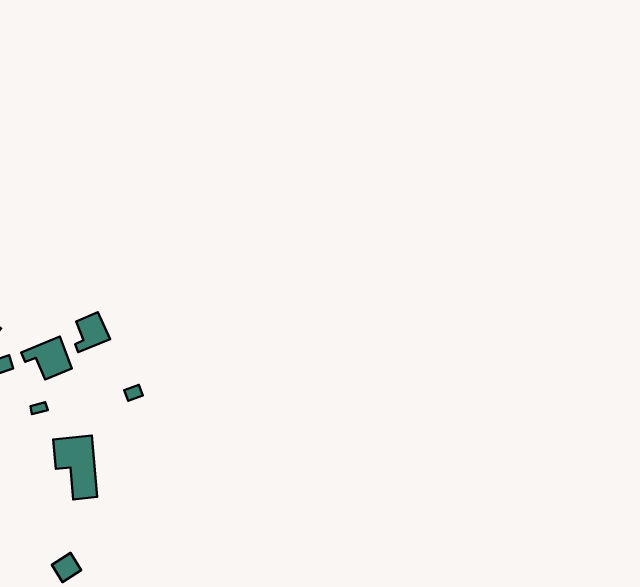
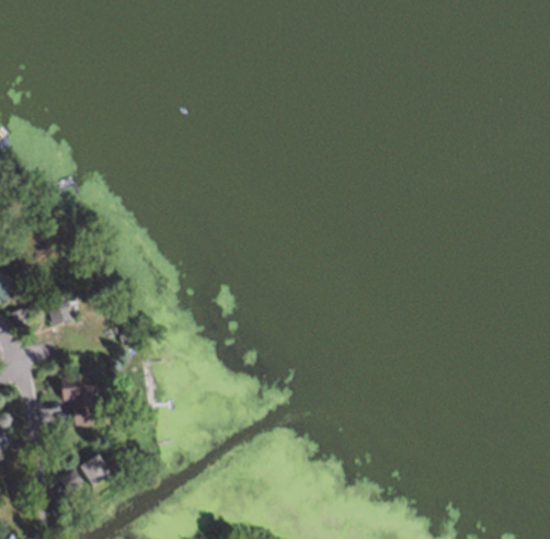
building: [75,312,110,352] -> none
building: none -> [79,454,113,489]

